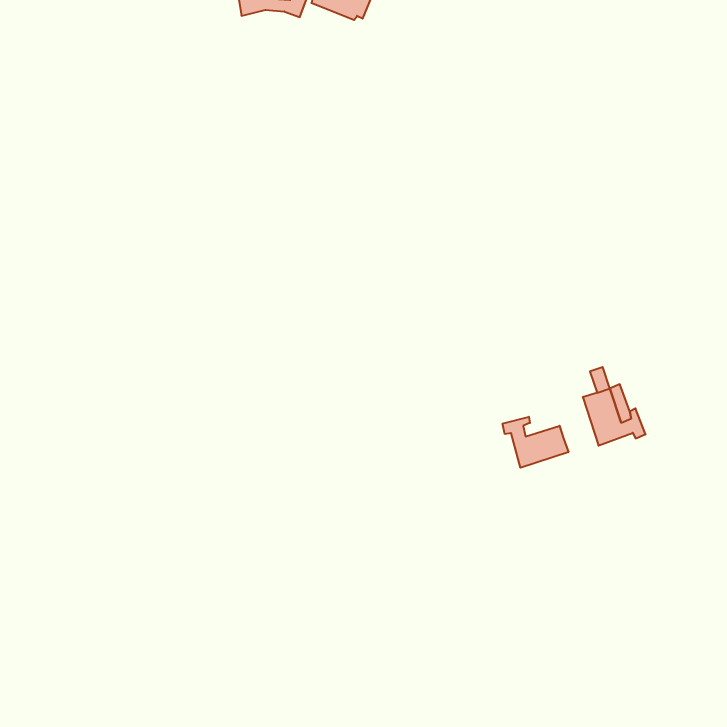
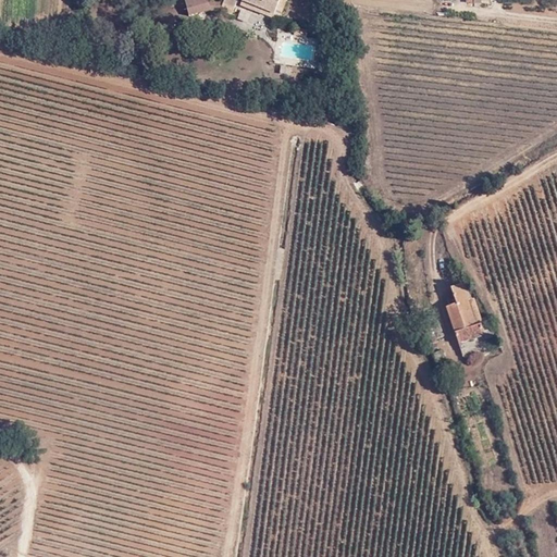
building: [503,417,568,468] -> none

